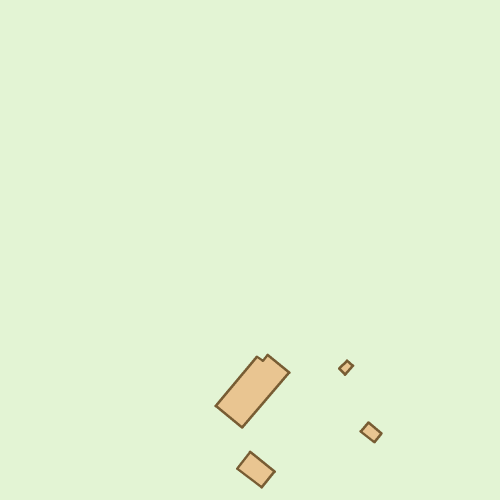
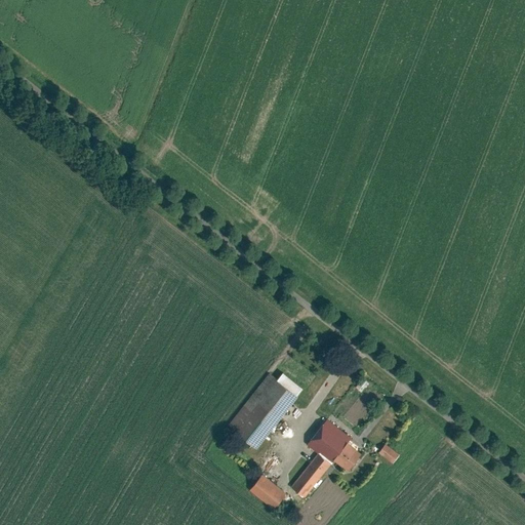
building: none -> [290,419,362,497]

